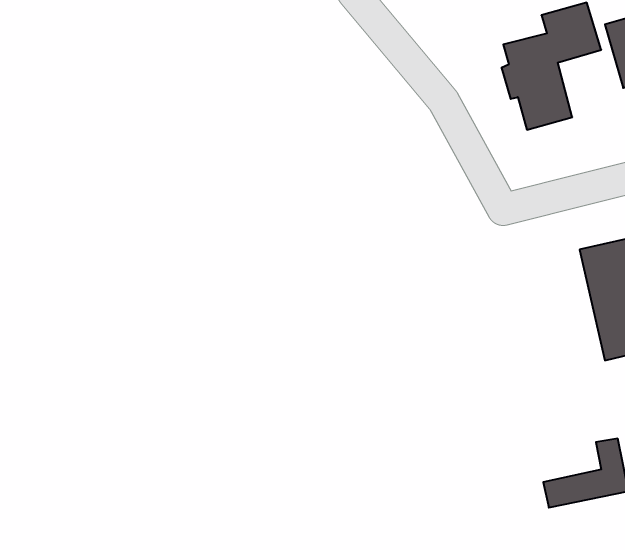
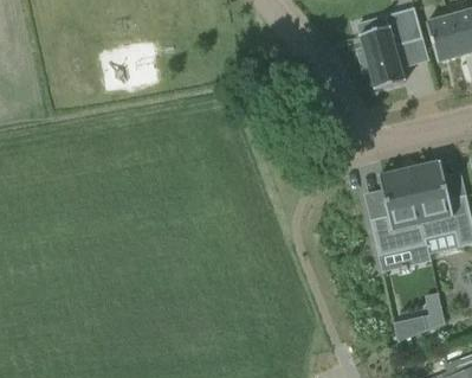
building: none -> [371,168,428,256]

